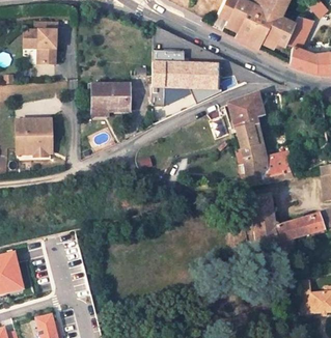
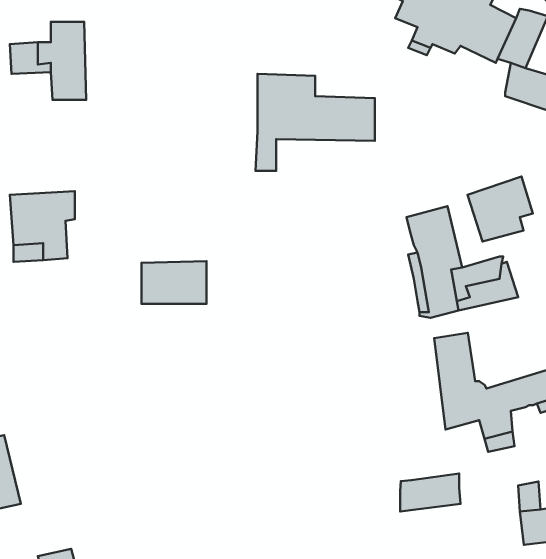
building: [92,87,129,111] -> [141,261,207,304]
building: [227,94,264,131] -> [468,176,533,242]
building: none -> [400,473,460,511]

